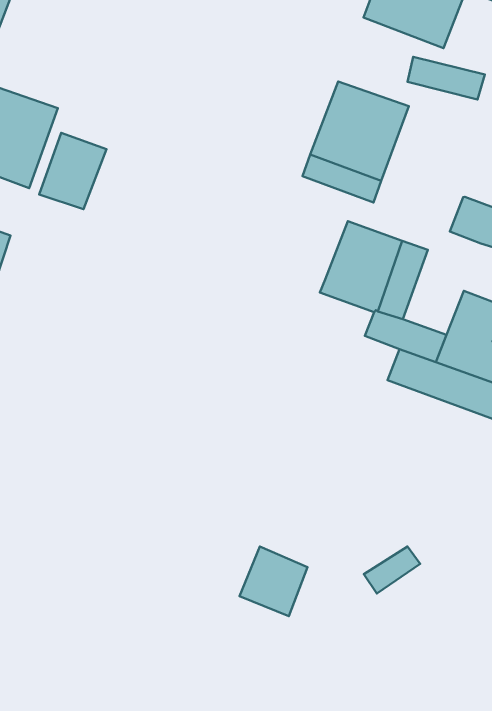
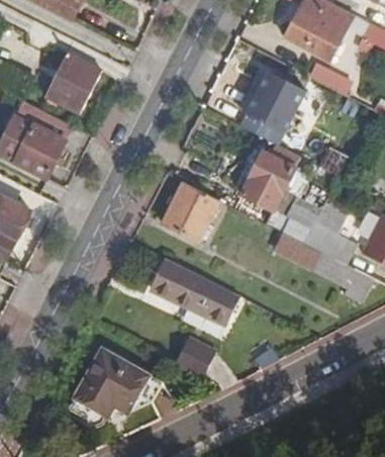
building: [39,133,107,209] -> none
building: none -> [162,181,218,241]
building: none -> [152,257,238,322]
building: none -> [73,349,161,416]

